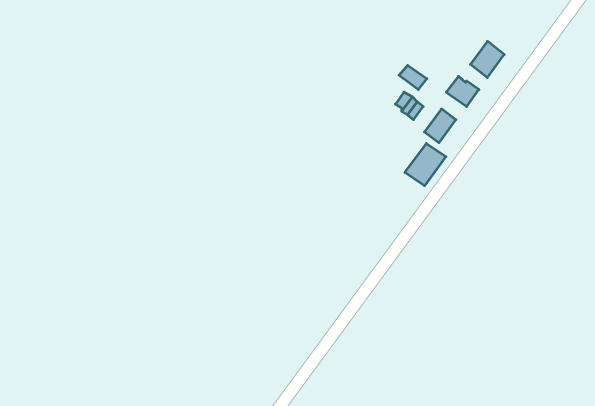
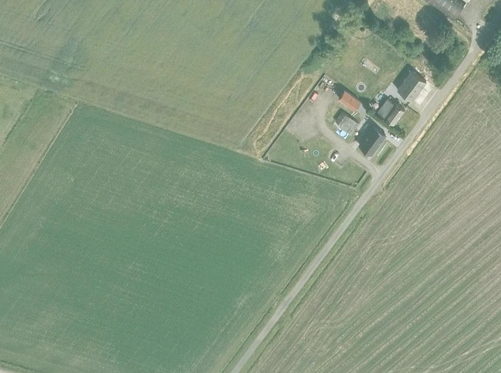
building: [405,143,446,186] -> none

